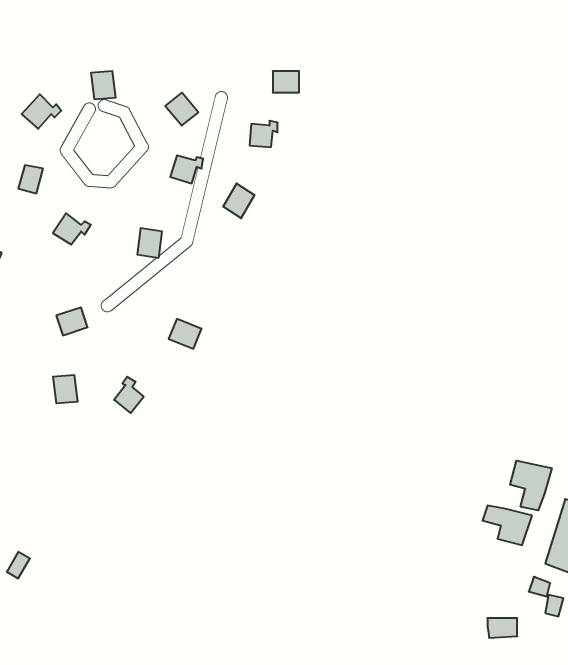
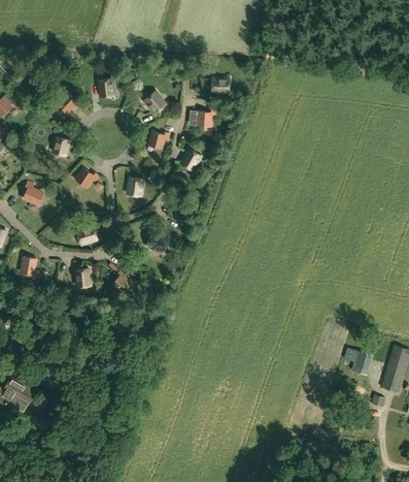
building: [510,461,552,510] -> none

